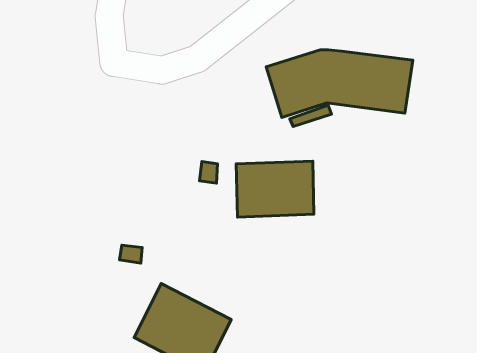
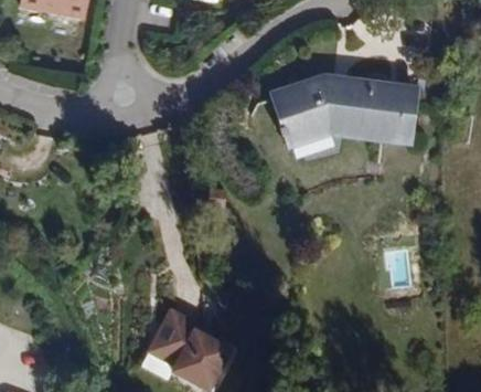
building: [236,161,314,217] -> none

